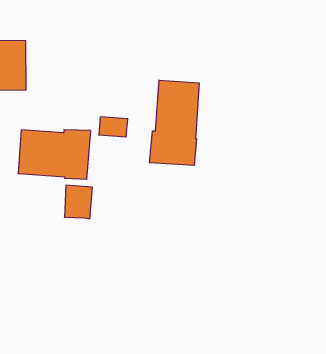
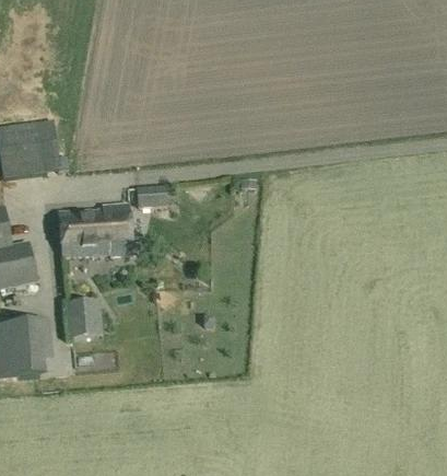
building: [149,80,199,165] -> none
building: [64,185,92,219] -> [69,302,98,337]

